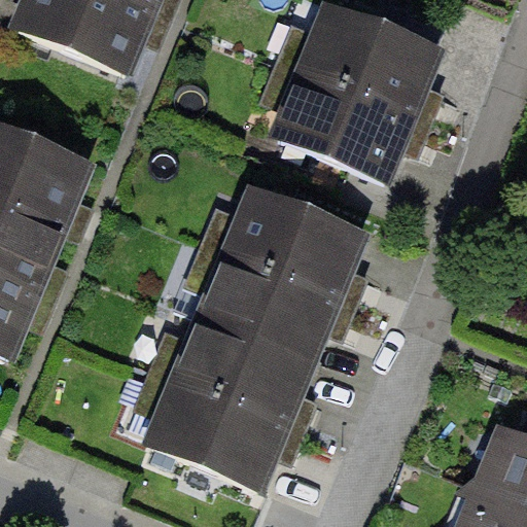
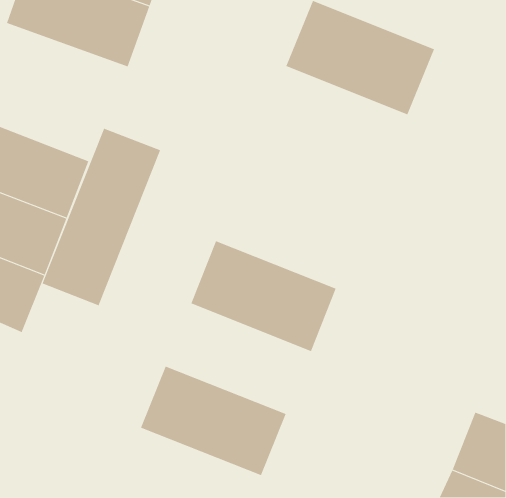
building: [267,68,419,186] -> none
building: none -> [42,128,161,306]
building: [221,180,373,296] -> none
building: [170,312,320,425] -> none

